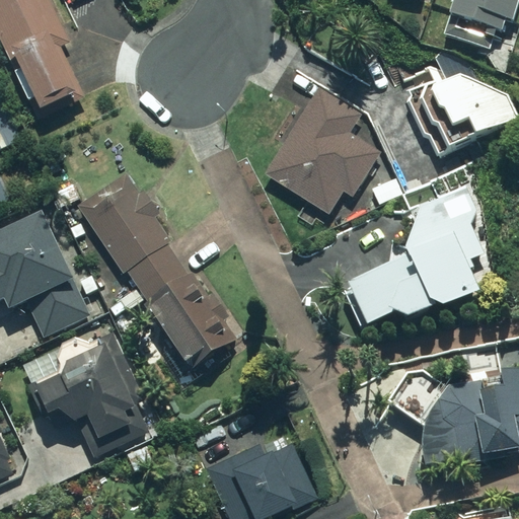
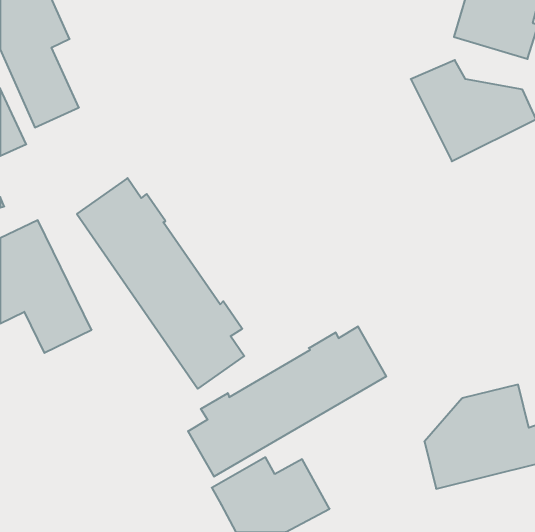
building: [266,84,382,212] -> none
building: [344,171,493,324] -> none
building: none -> [188,326,386,477]
building: [27,329,135,460] -> none

